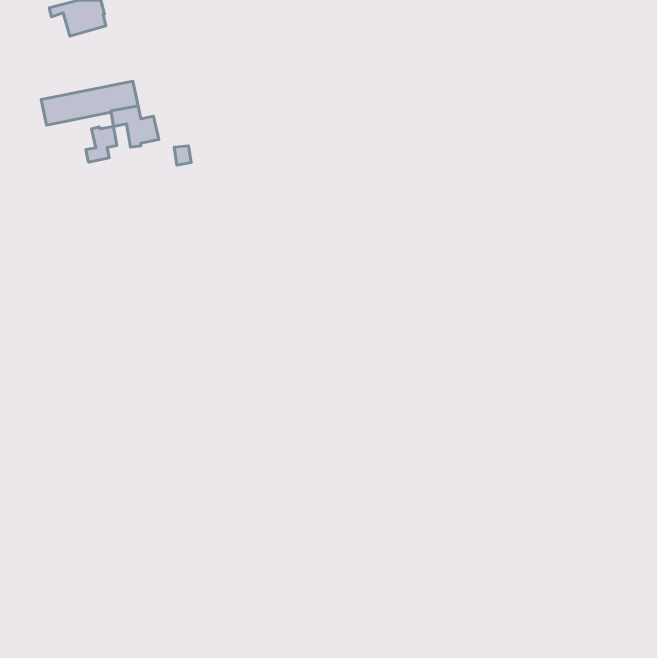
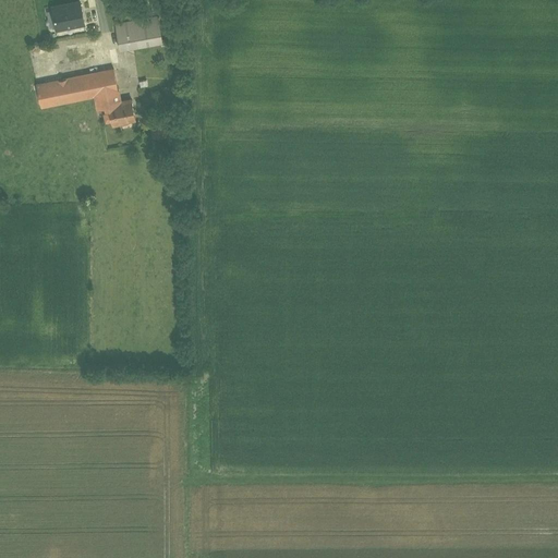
building: none -> [113,17,161,49]
building: [86,126,117,162] -> none

